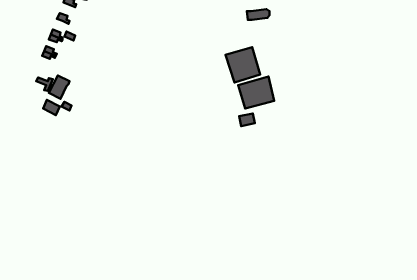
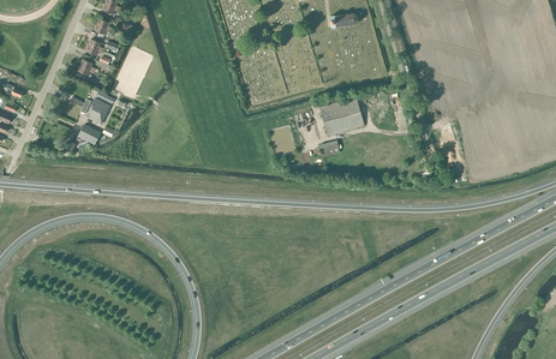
building: [225,47,260,83] -> none

